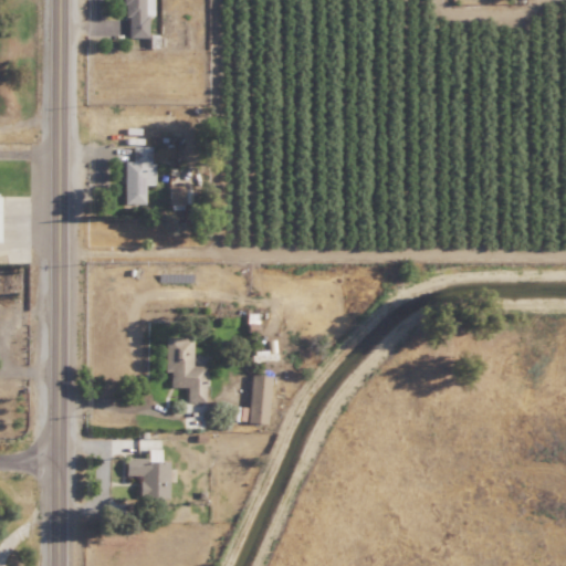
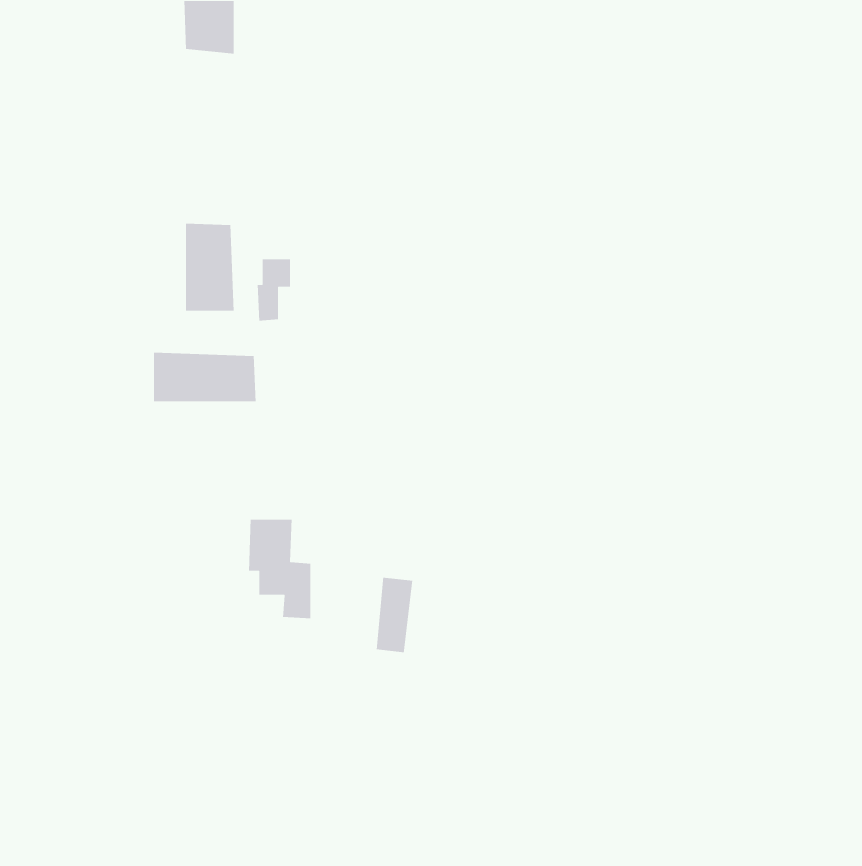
building: none -> [153,352,256,402]
building: [127,451,171,500] -> none

